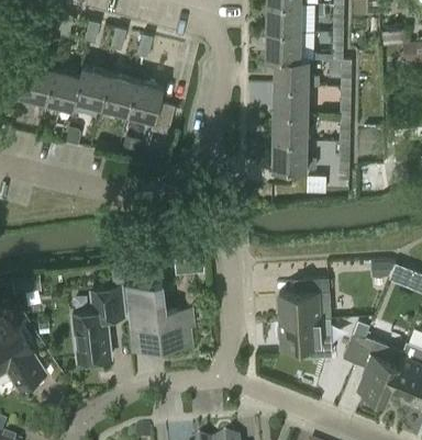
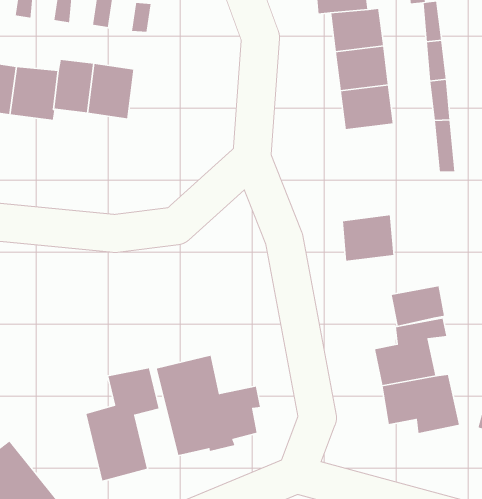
building: [126,81,175,134] -> none
building: [275,142,310,170] -> [342,215,394,262]
building: none -> [391,285,445,327]

